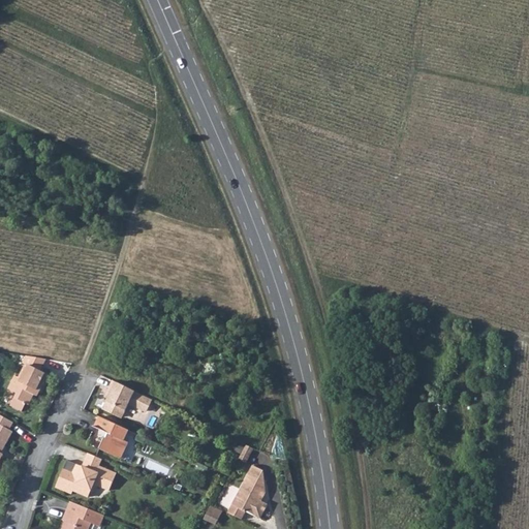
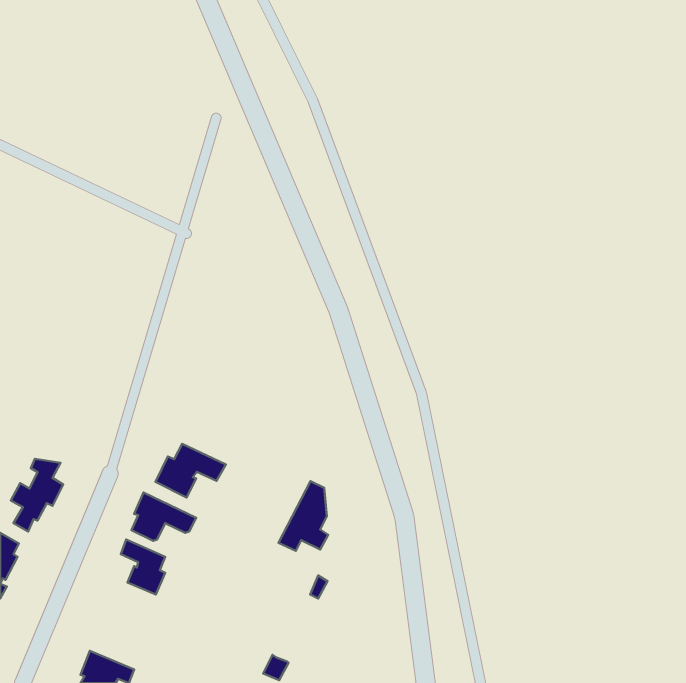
building: none -> [155,444,226,497]
building: [56,454,116,497] -> none
building: [227,465,266,519] -> [278,481,328,551]

